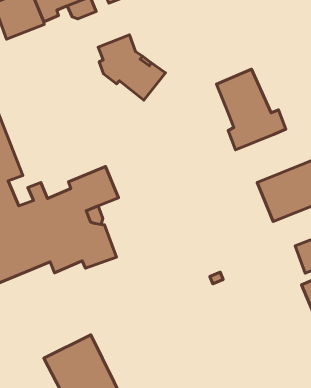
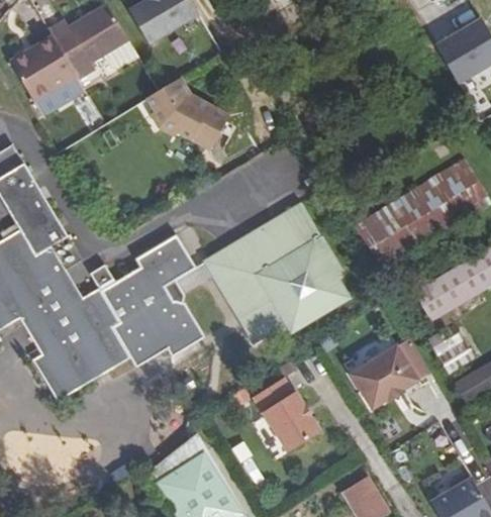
building: [216,69,286,150] -> none
building: none -> [200,204,347,347]
building: none -> [351,344,418,407]
building: none -> [255,380,321,448]

